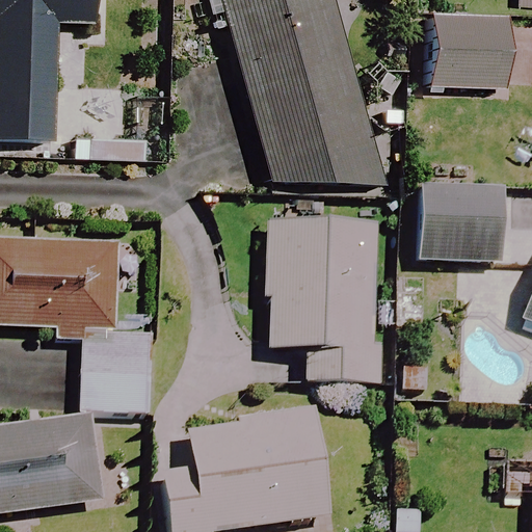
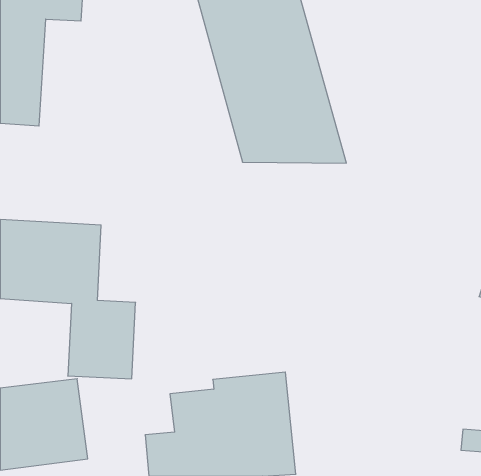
building: [426,9,505,84] -> none
building: [424,182,505,260] -> none
building: [270,221,378,381] -> none

